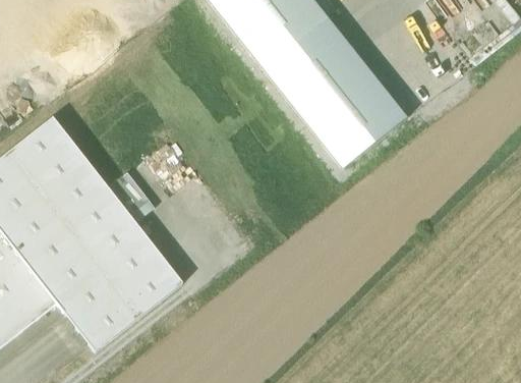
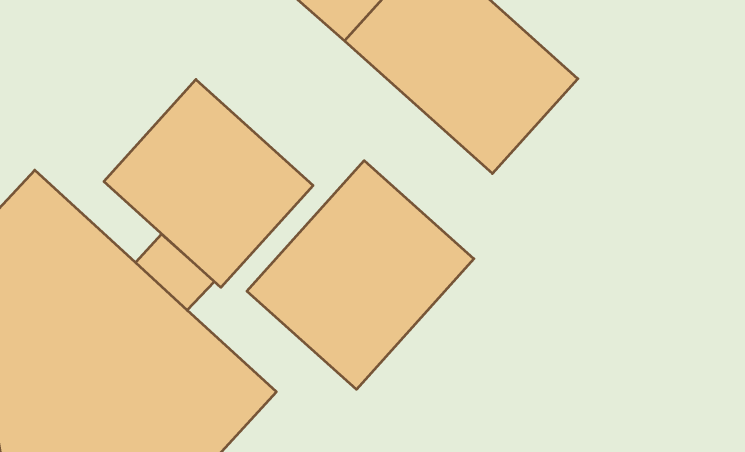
building: none -> [104,79,313,287]
building: none -> [247,161,474,389]

